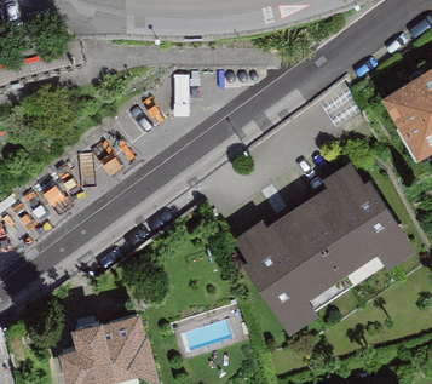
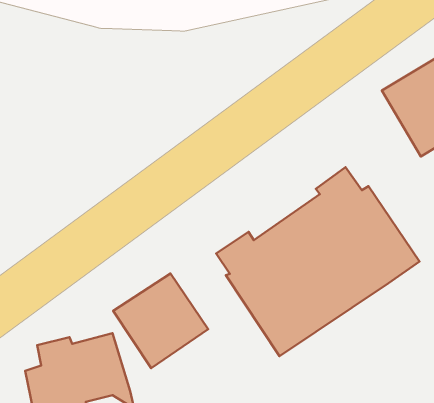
building: none -> [113,273,208,368]

